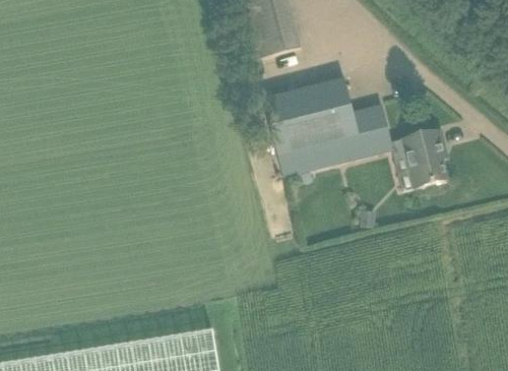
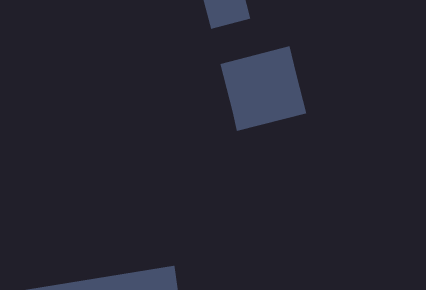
building: [353,105,391,157] -> none
building: [402,130,446,188] -> none

